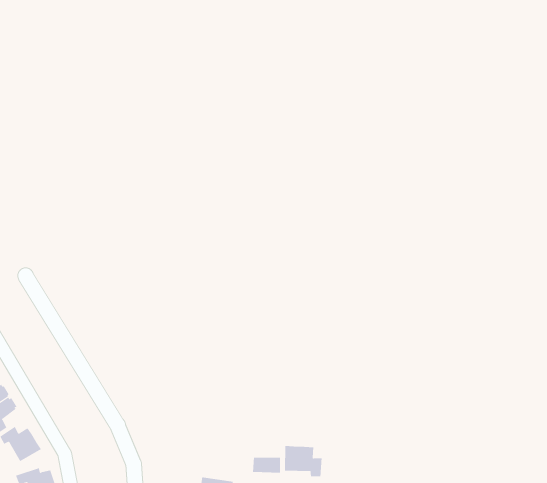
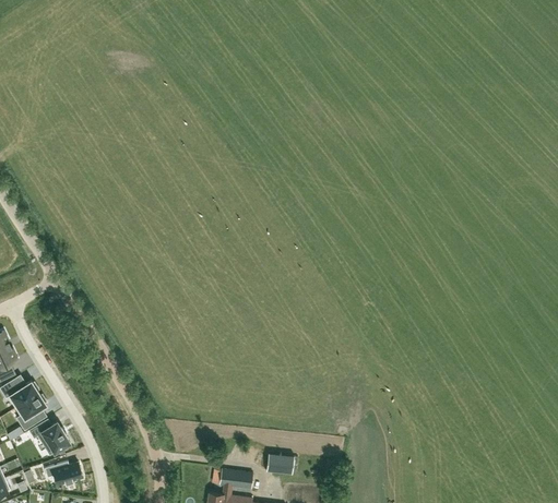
building: [284,445,322,477] -> none

